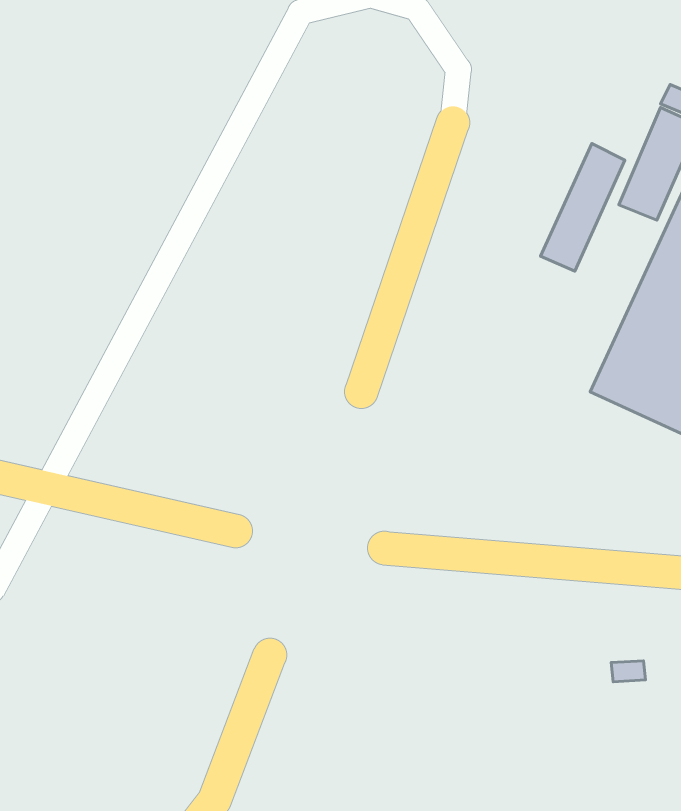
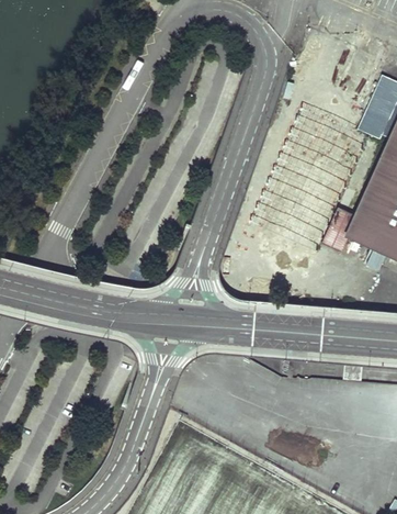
building: [540,144,625,271] -> none

